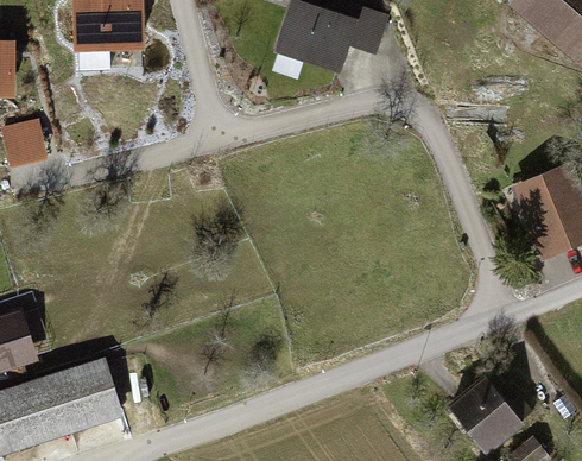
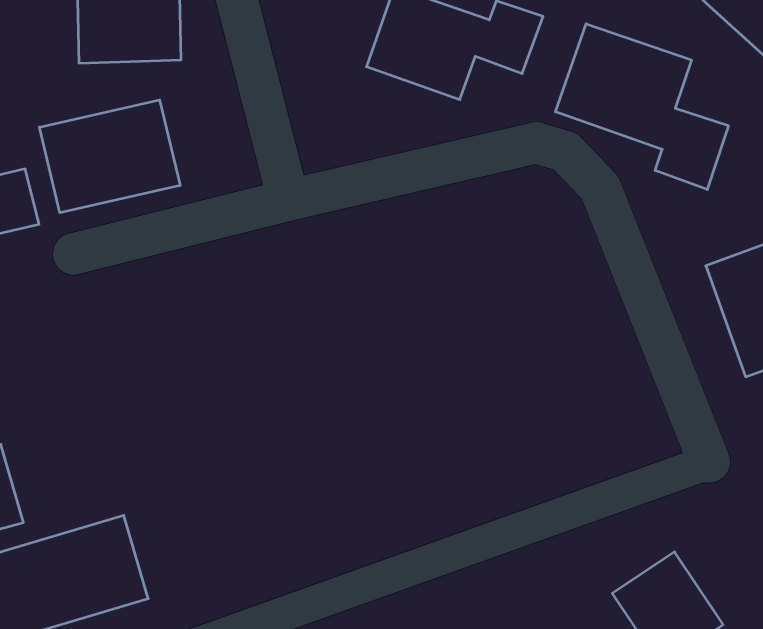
building: none -> [556,24,728,190]
building: none -> [39,100,180,213]

